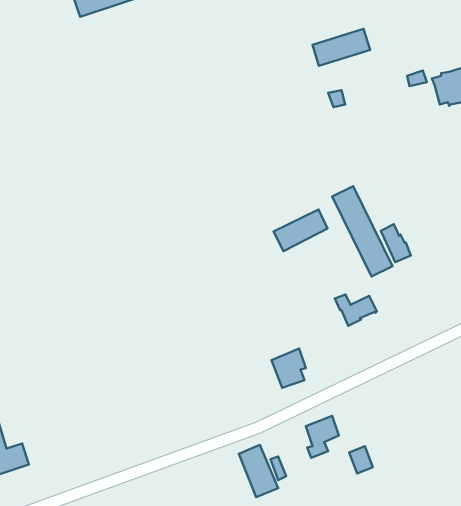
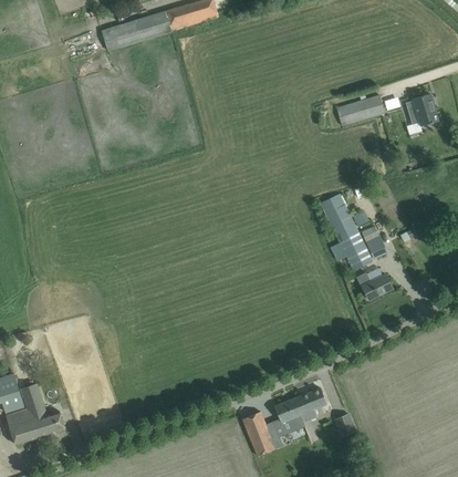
building: [312,29,370,66] -> [335,95,384,126]
building: [273,209,327,251] -> none
building: [335,294,377,326] -> [356,273,392,300]
building: [272,348,306,388] -> [274,396,303,429]

